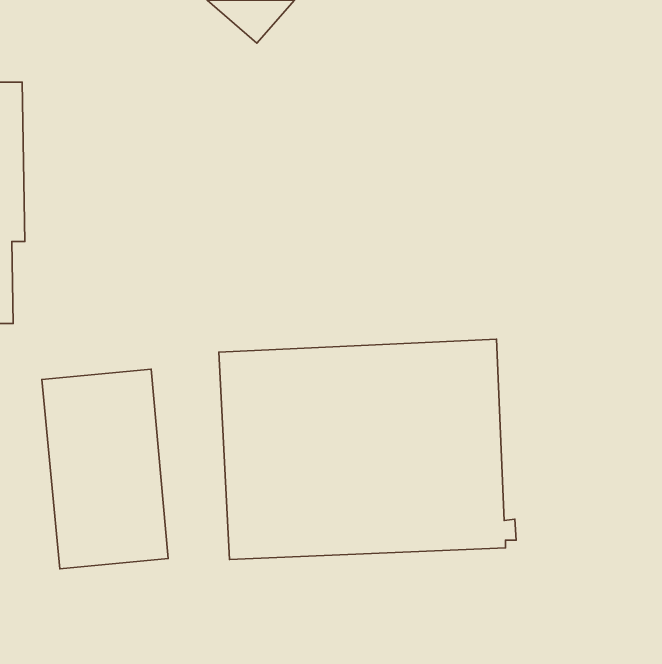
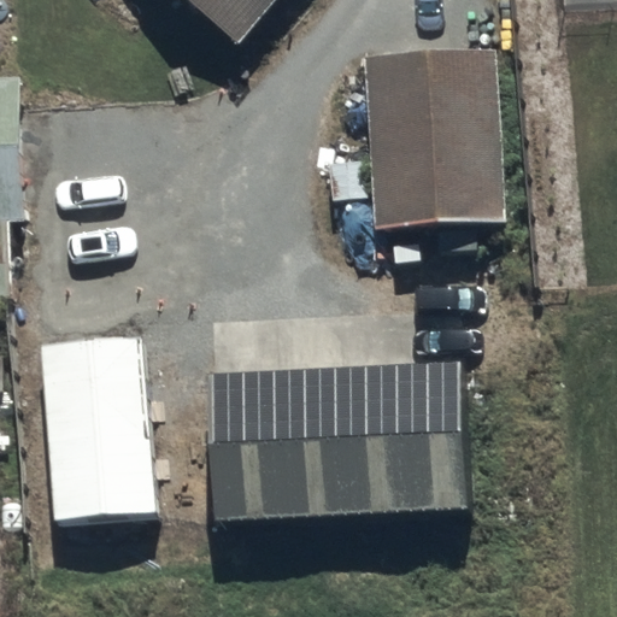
building: none -> [325,53,505,228]

